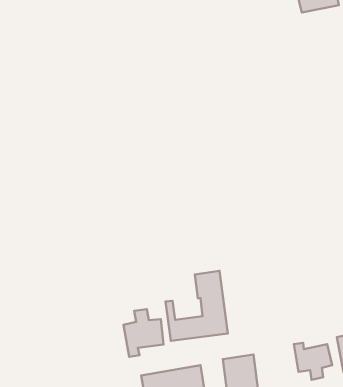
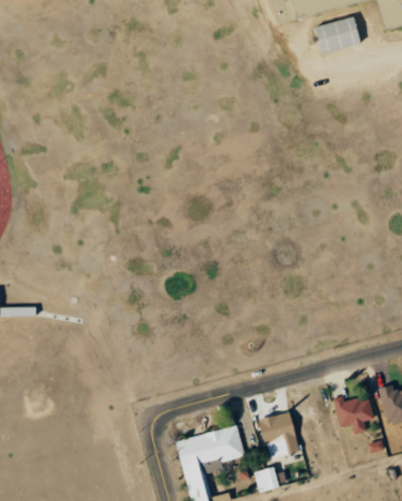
building: [166,271,228,341] -> none
building: [124,309,164,357] -> none

